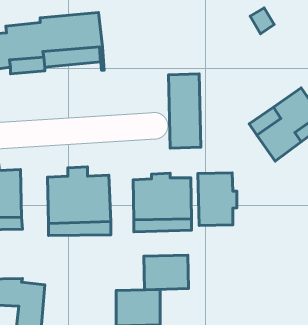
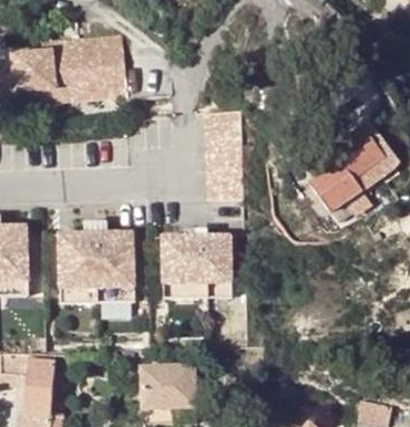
building: [198,173,237,226] -> none
building: [144,255,188,290] -> none

